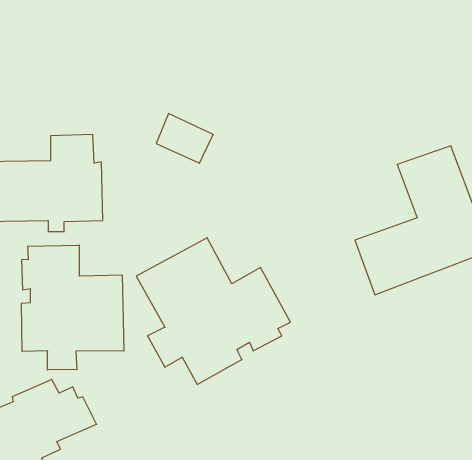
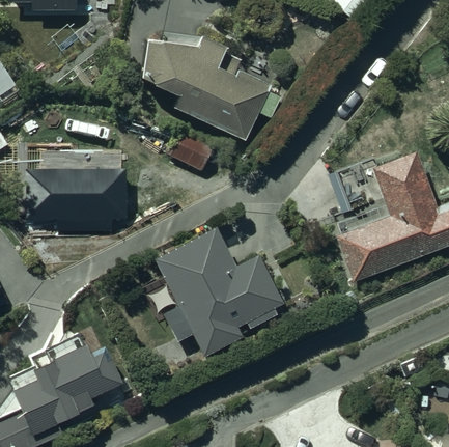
building: none -> [141,36,278,140]
building: [21,245,124,370] -> none

